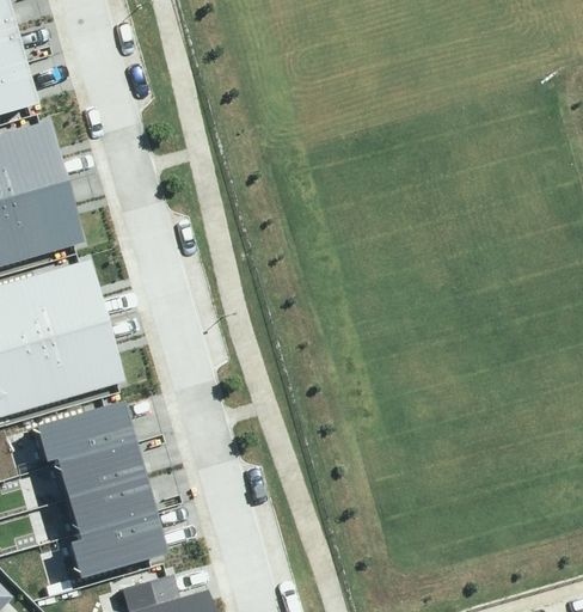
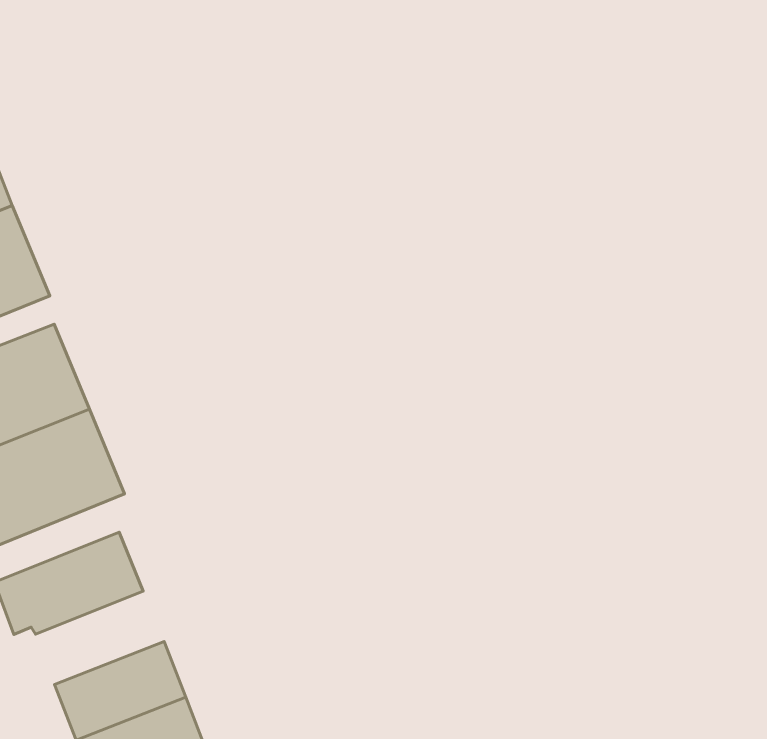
building: [55,443,140,500] -> none

